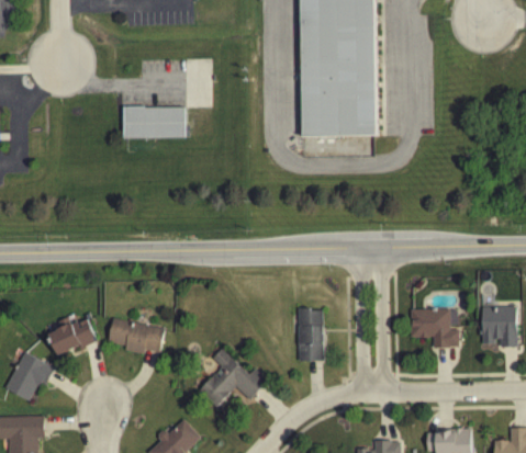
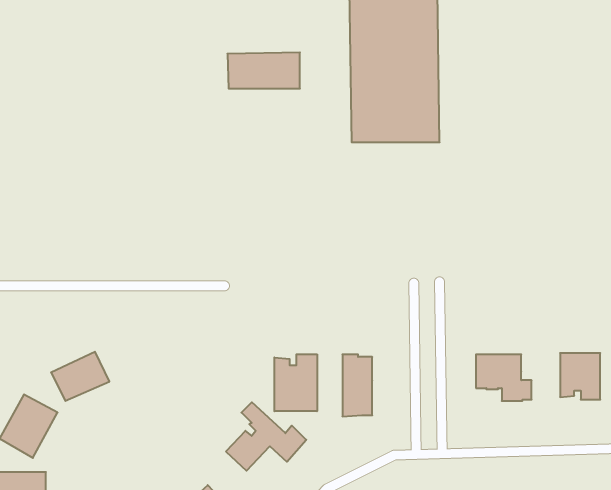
building: [121,107,182,138] -> [227,52,300,89]
building: none -> [274,354,317,411]
building: [107,319,164,355] -> none

